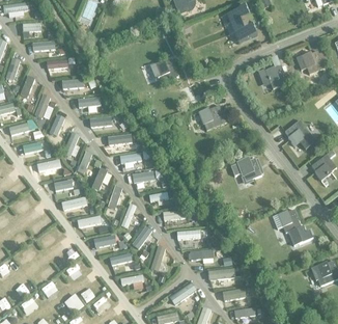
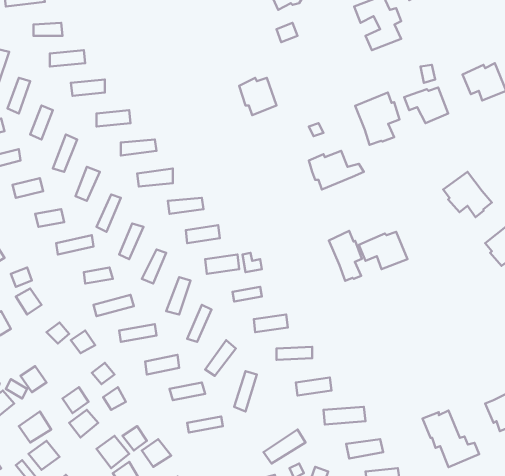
building: none -> [355,93,400,145]
building: none -> [329,231,362,281]
building: [277,208,313,244] -> [423,410,479,467]

